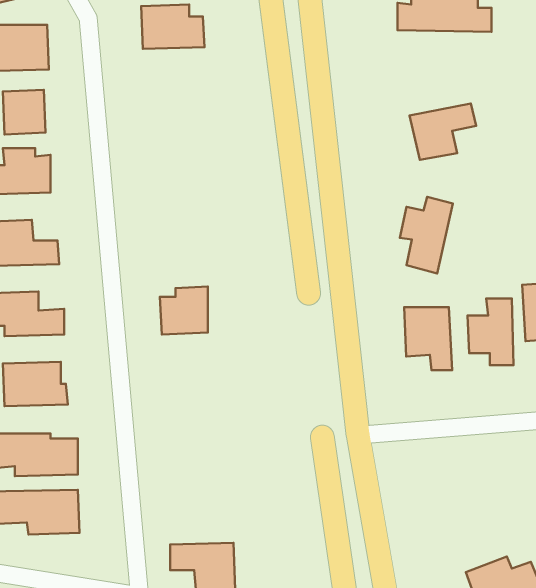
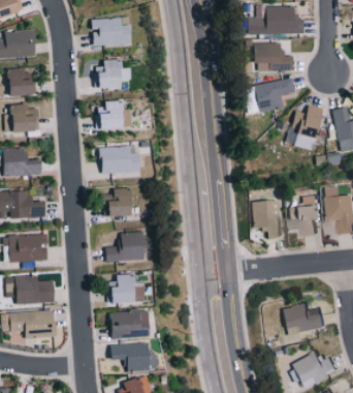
building: none -> [256,42,294,71]
building: none -> [95,60,130,88]
building: none -> [96,100,126,129]
building: [400,197,453,274] -> [292,104,324,151]
building: none -> [101,147,140,173]
building: none -> [105,231,147,263]
building: none -> [107,274,137,303]
building: none -> [284,304,321,333]
building: none -> [111,310,149,337]

